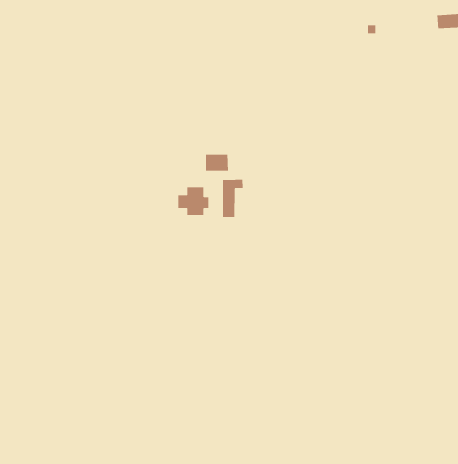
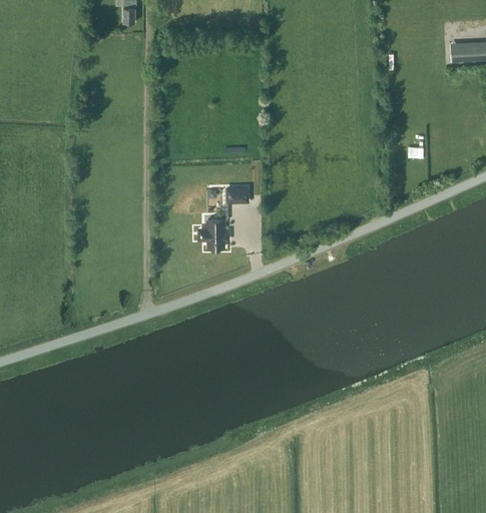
building: [223,179,243,218] -> none

